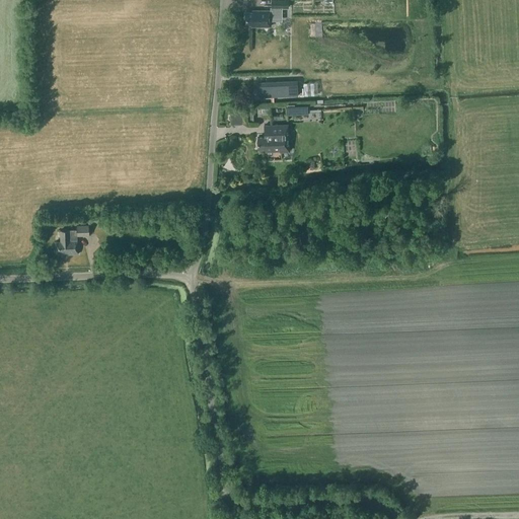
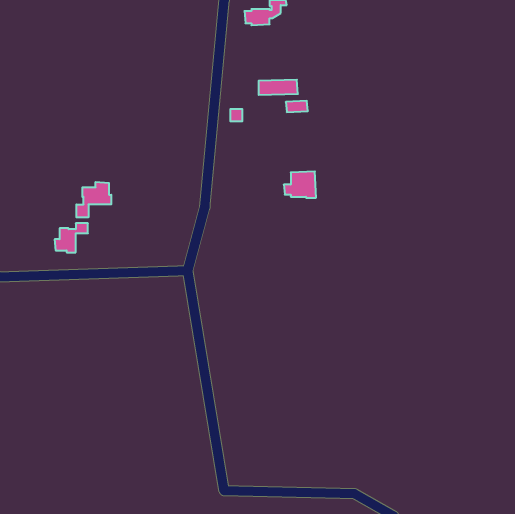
building: [255,128,288,154] -> [284,171,316,198]
building: none -> [76,182,111,217]

